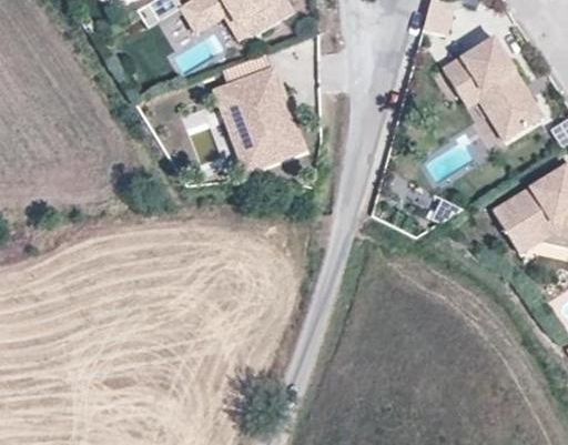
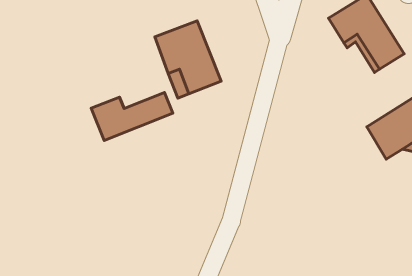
building: none -> [91,93,173,140]

